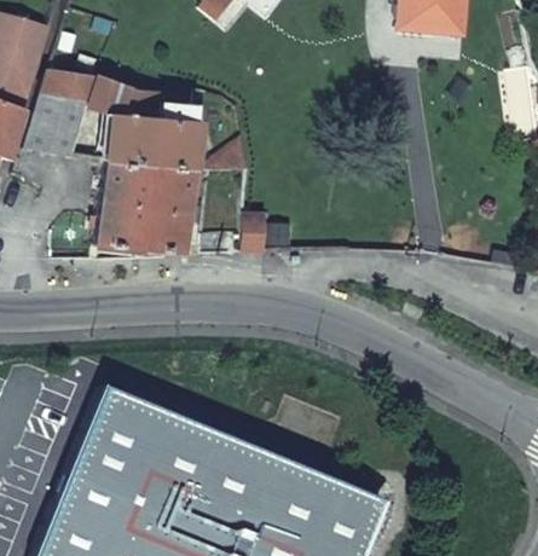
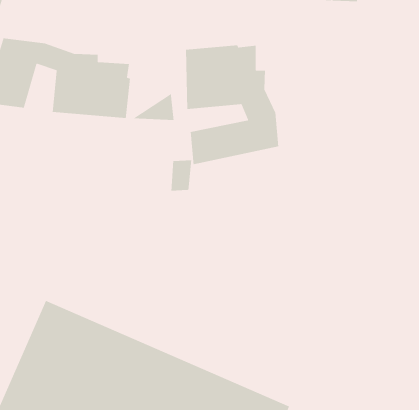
building: none -> [185,44,279,165]
building: [98,162,196,255] -> none

